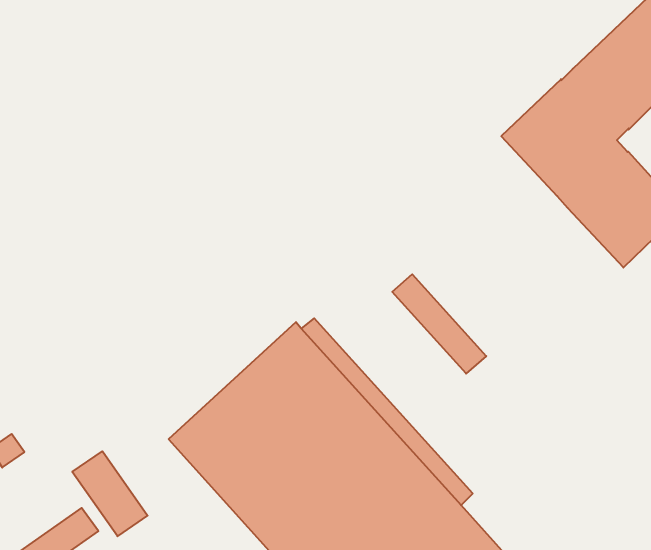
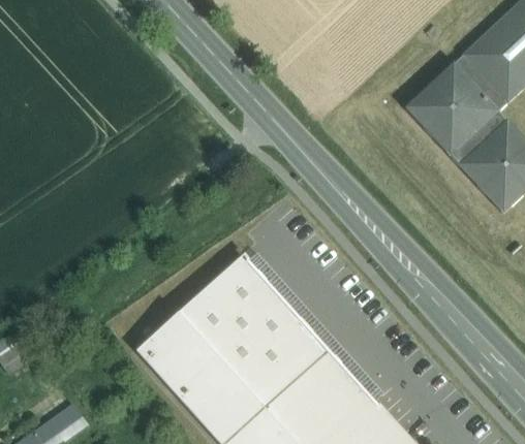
building: [392,274,486,374] -> none
building: [72,451,148,536] -> none

